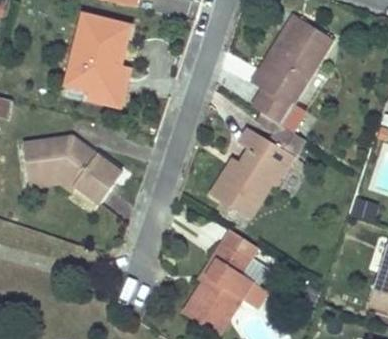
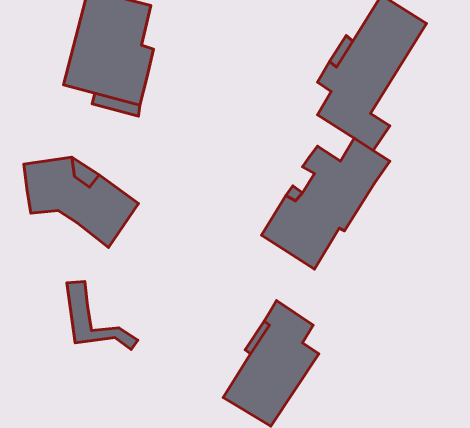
building: [23,143,75,193] -> [67,281,138,350]

